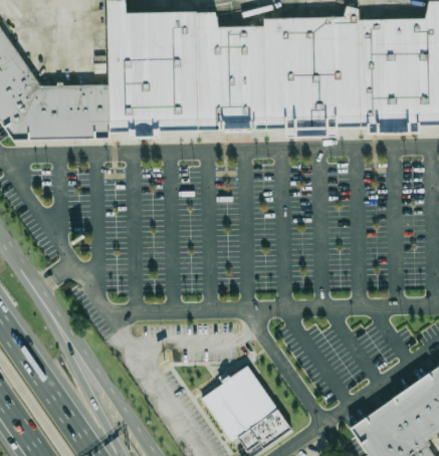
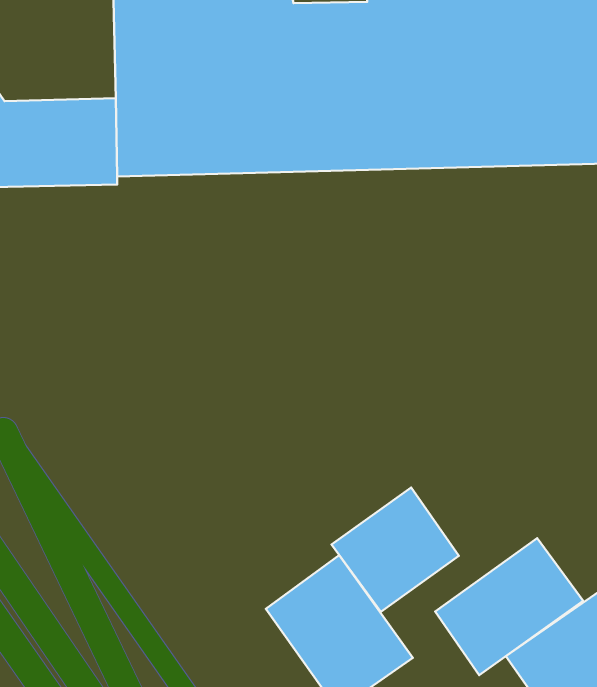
building: none -> [331,487,459,612]
building: none -> [435,538,583,675]

